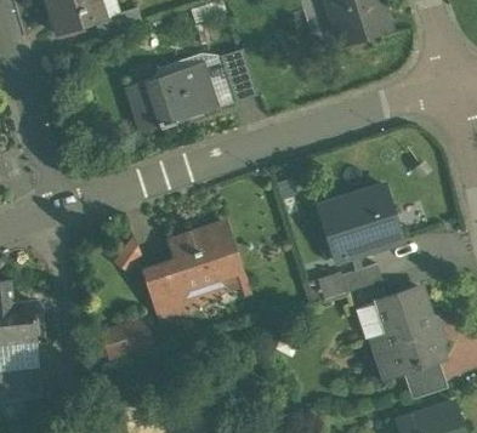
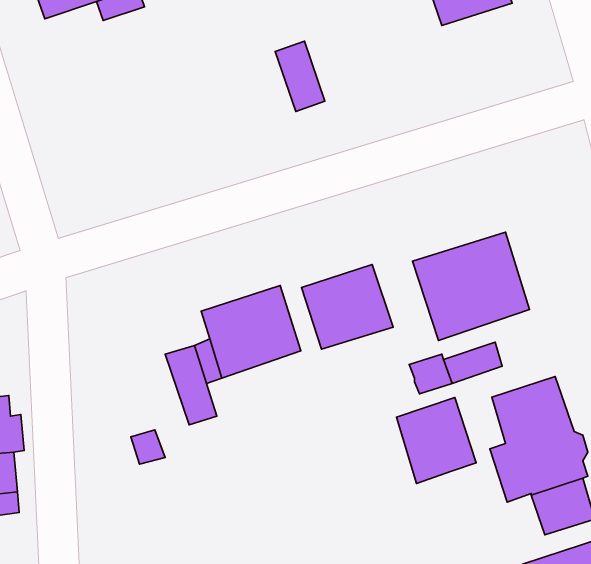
building: [126,62,217,129] -> none
building: none -> [302,264,393,349]
building: none -> [397,398,476,483]

